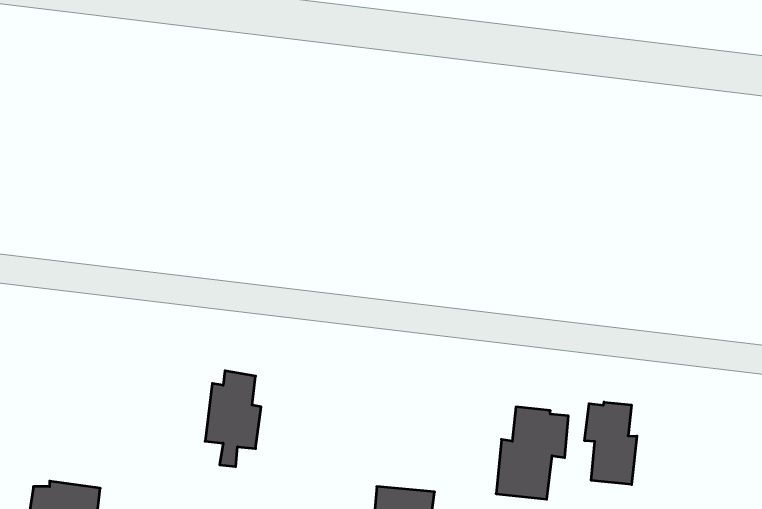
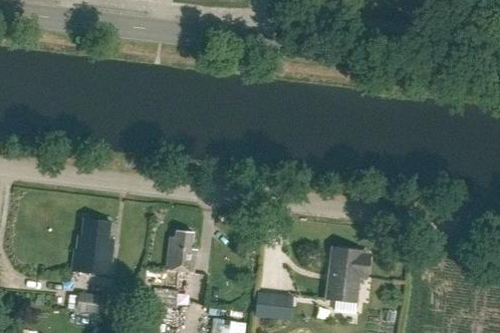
building: none -> [73,219,112,274]
building: [585,402,637,485] -> none

